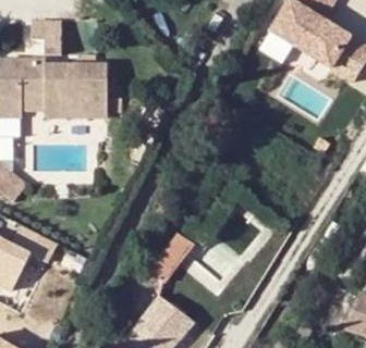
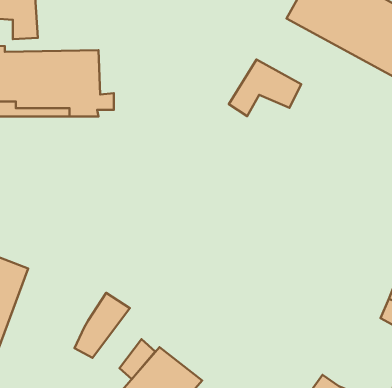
building: none -> [229,59,301,116]
building: [152,232,196,283] -> [74,293,130,358]

